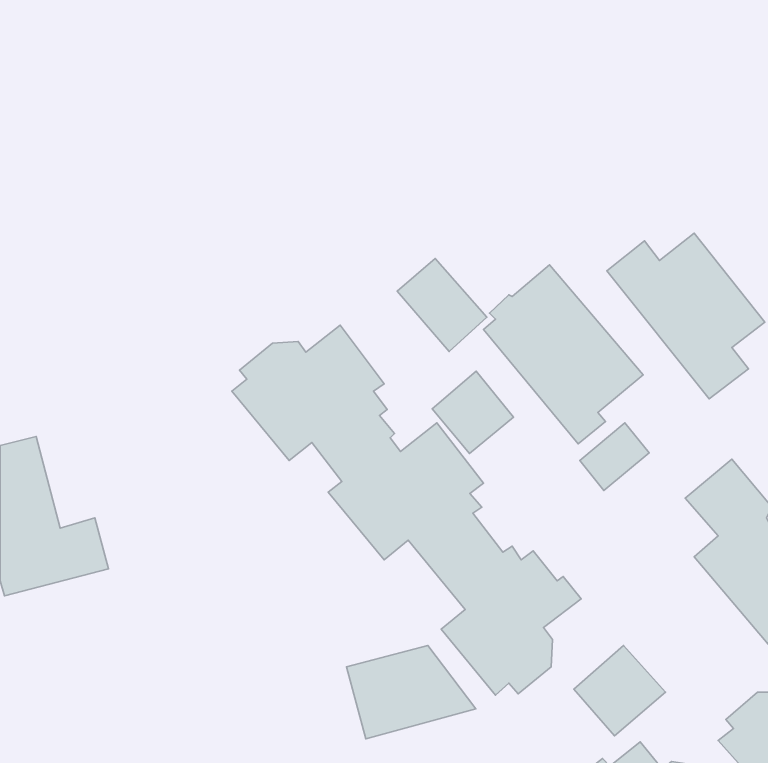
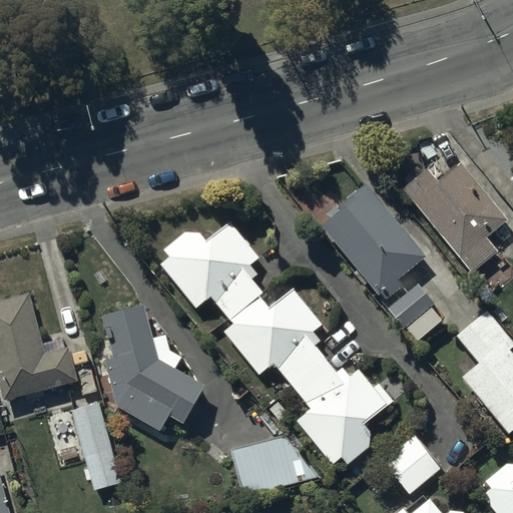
building: [397,259,487,351] -> none
building: [432,371,513,454] -> none
building: none -> [101,306,203,433]
building: none -> [70,405,118,491]

